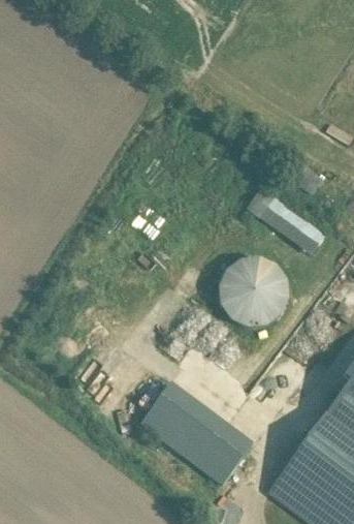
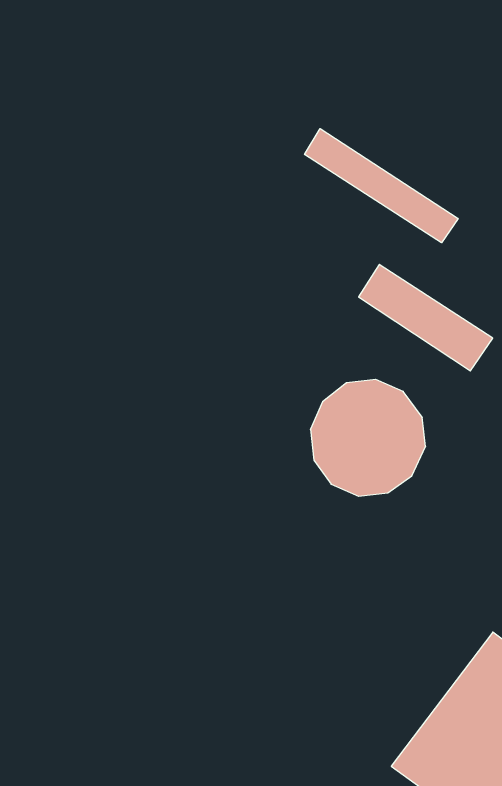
building: none -> [305,129,458,243]
building: [139,378,254,485] -> none

